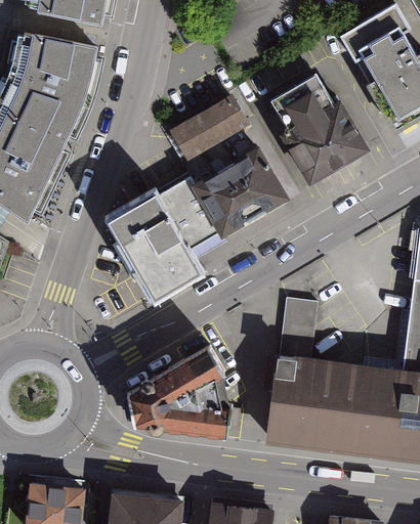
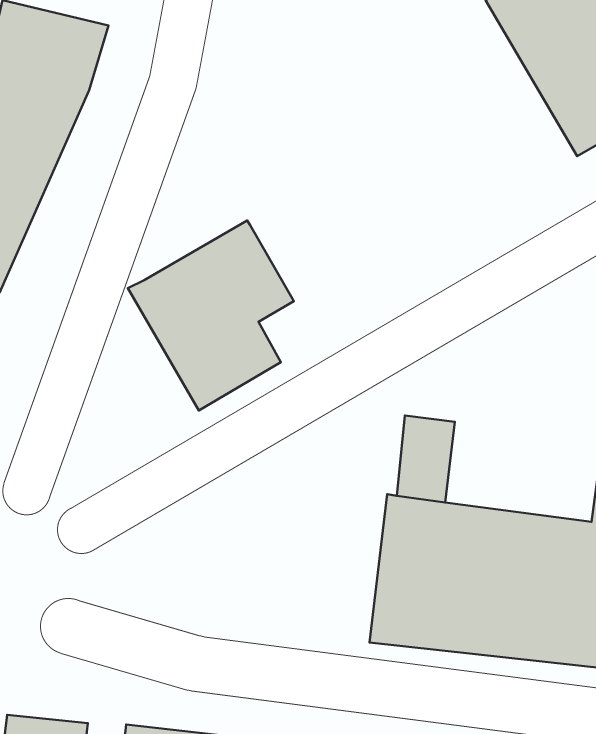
building: [281,85,371,181] -> none
building: [169,90,288,233] -> none
building: [124,351,233,436] -> none

